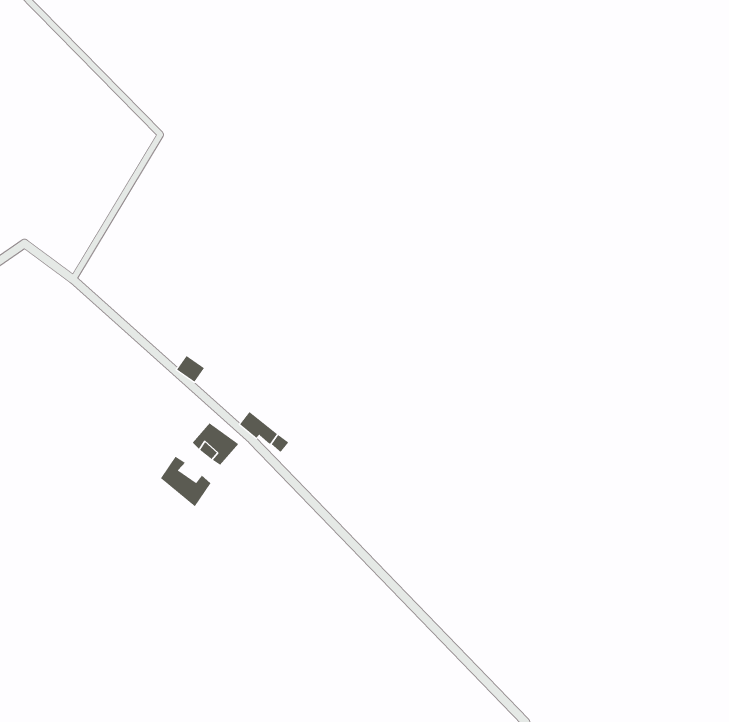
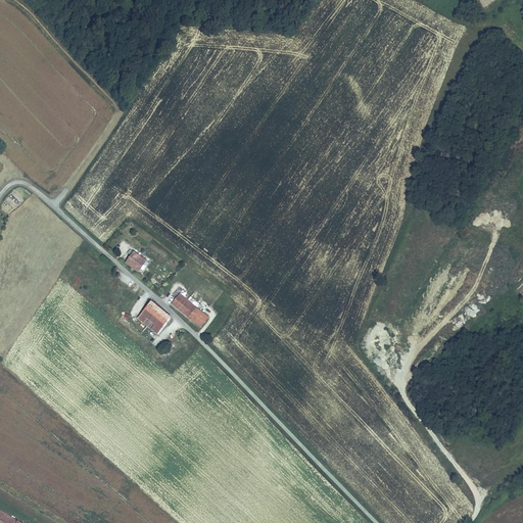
building: [160,456,211,507] -> none

